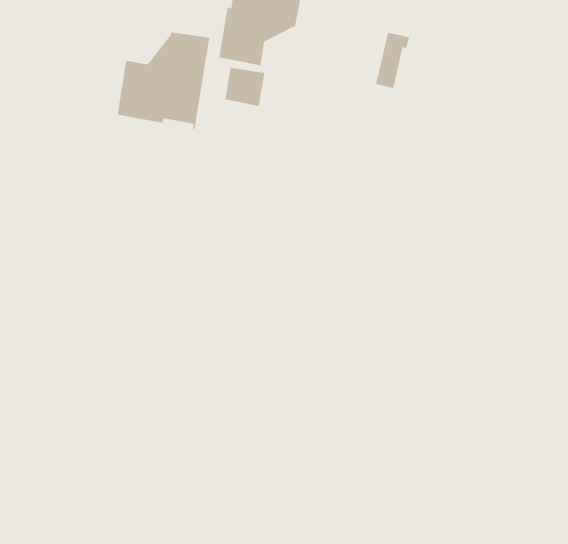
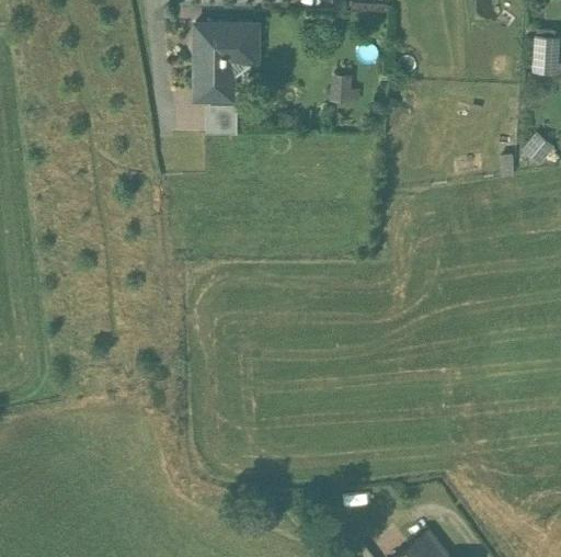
building: [117,32,210,130] -> none

